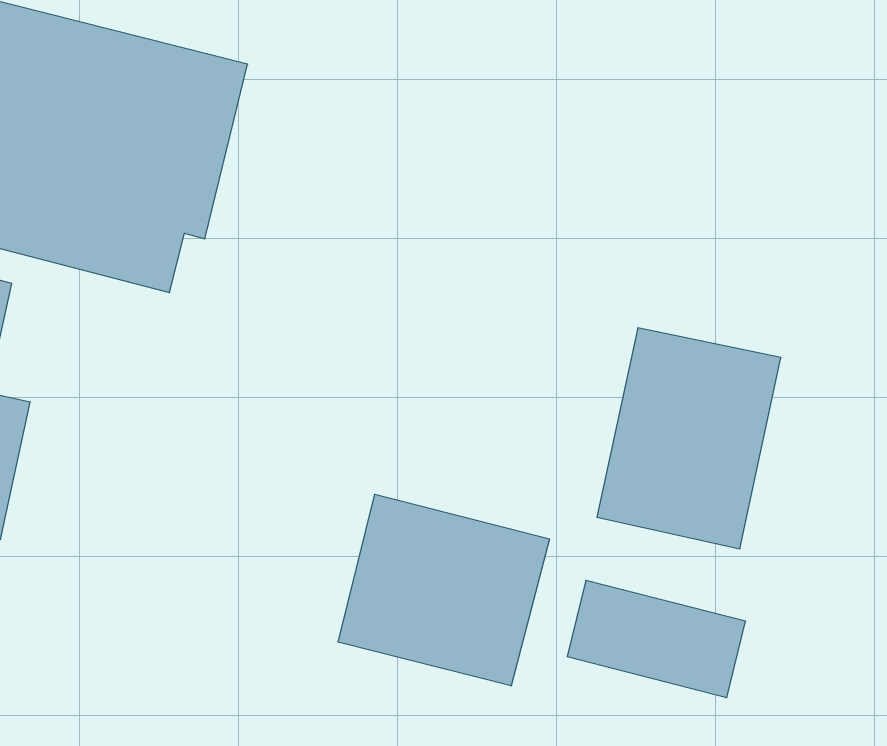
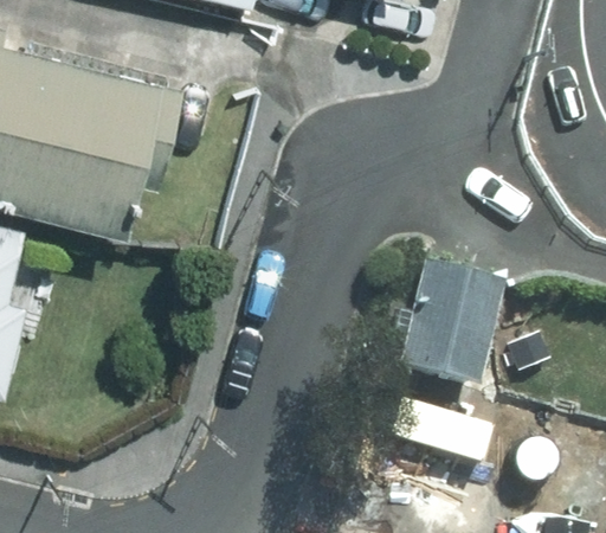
building: [338,494,550,686] -> none

